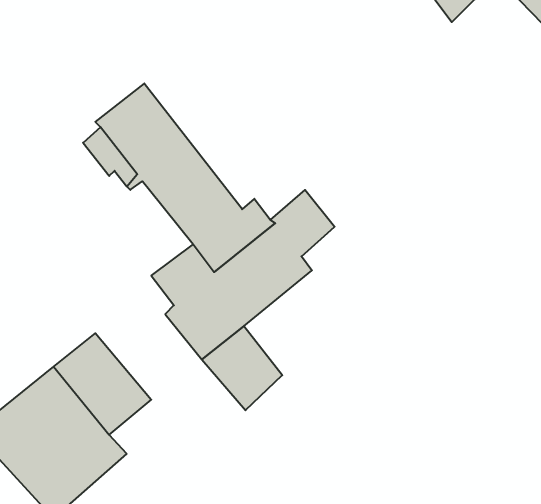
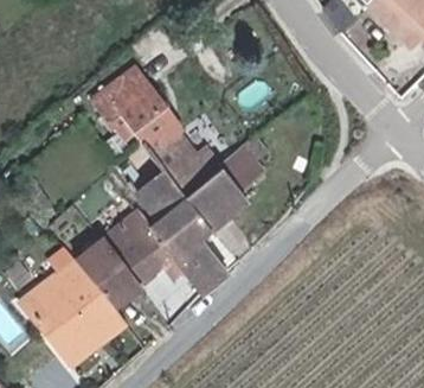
building: none -> [99,218,172,291]

